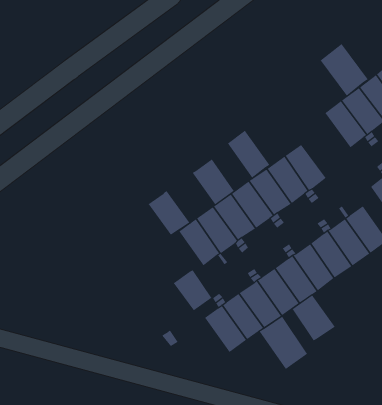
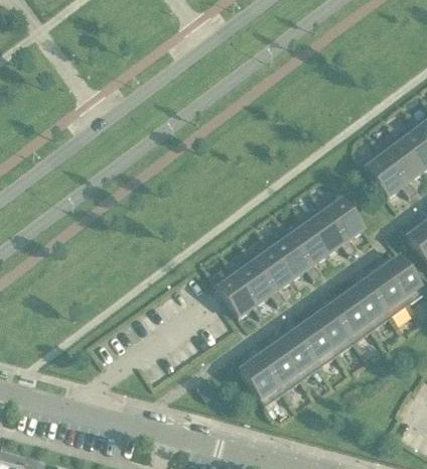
building: [320,43,368,96] -> none
building: [227,130,270,179] -> none
building: [192,159,234,205] -> none
building: [148,190,190,236] -> none
building: [173,269,212,311] -> none
building: [292,295,335,341] -> none
building: [259,316,308,370] -> none

